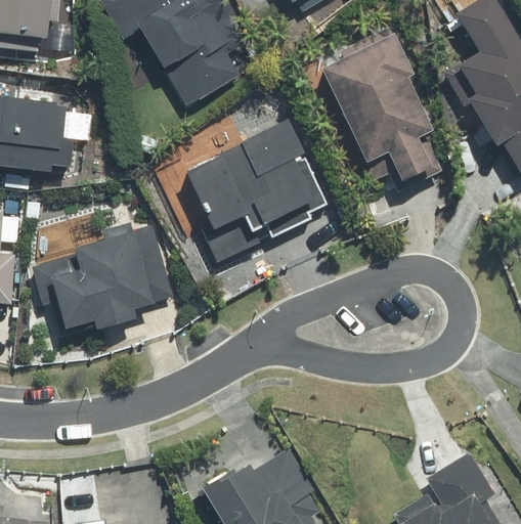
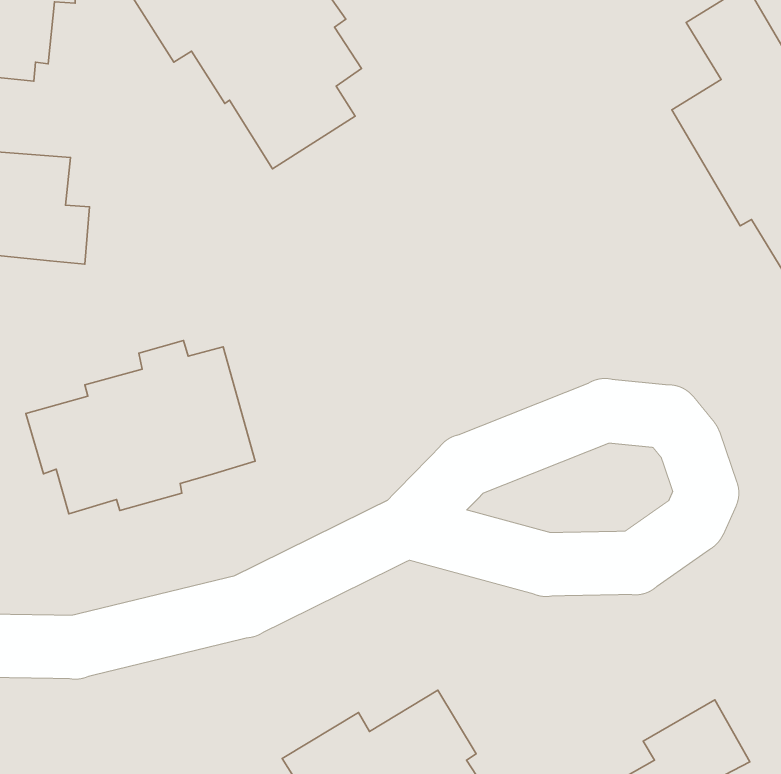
building: [312,31,429,184] -> none
building: [187,119,328,262] -> none

